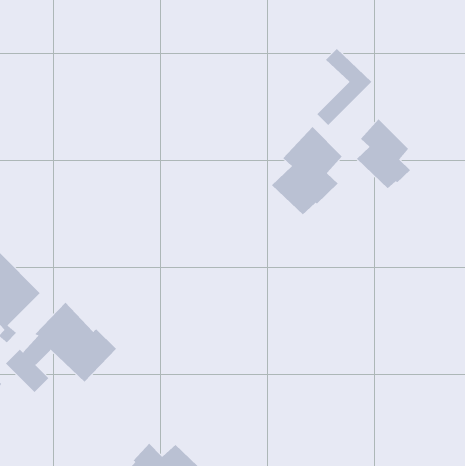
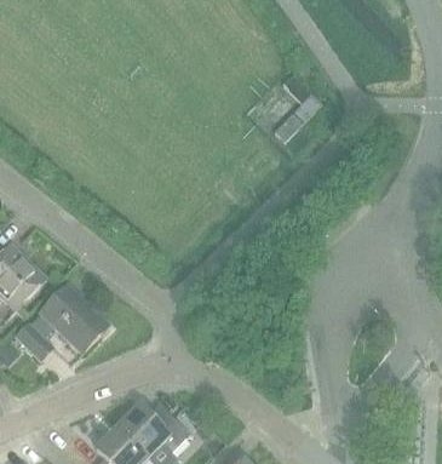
building: [356,118,411,189] -> none
building: [271,126,343,215] -> none

